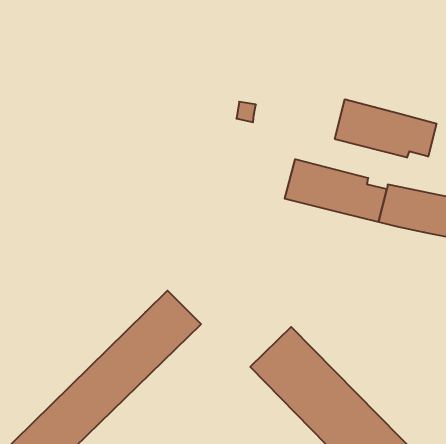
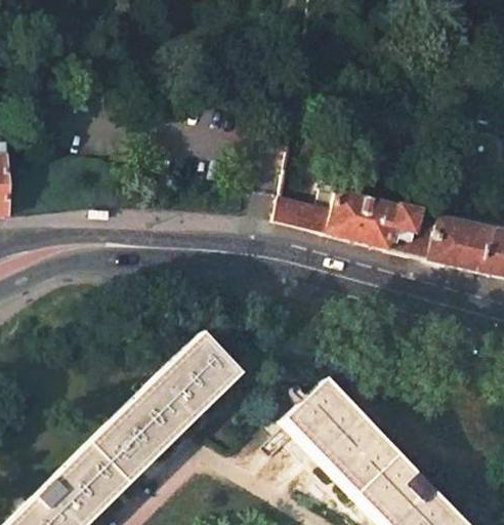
building: [335,99,437,158] -> none
building: none -> [276,183,338,236]

